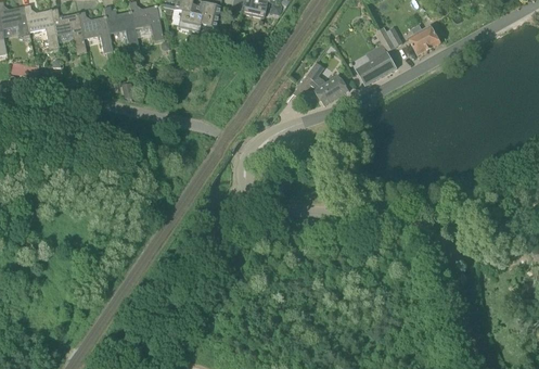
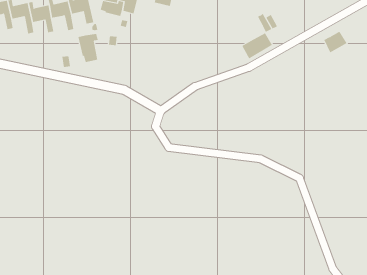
building: [409,26,440,55] -> [323,31,347,53]
building: none -> [78,33,98,63]
building: [293,61,349,105] -> none

